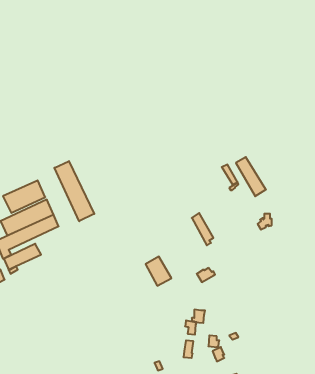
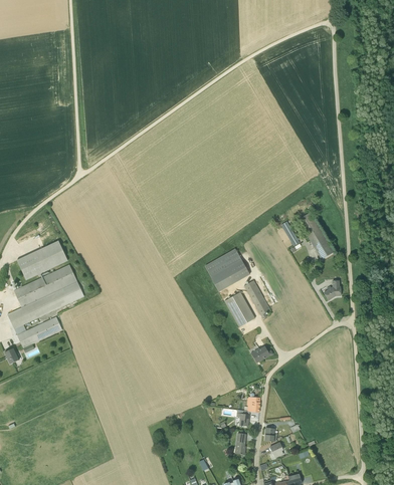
building: [54,161,94,221] -> none
building: none -> [204,249,250,292]
building: [146,257,171,286] -> [224,292,255,327]

